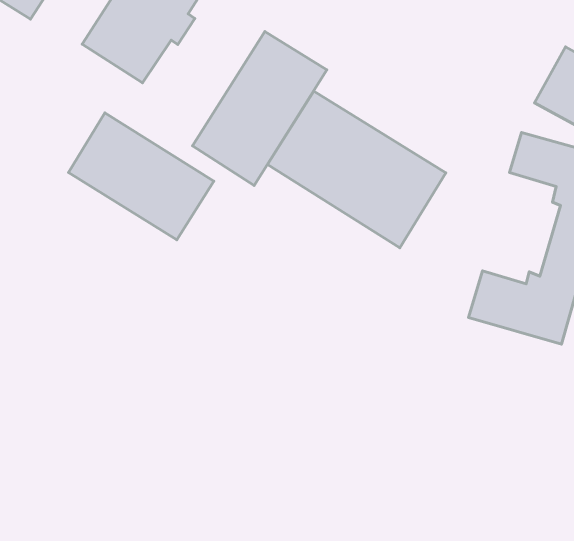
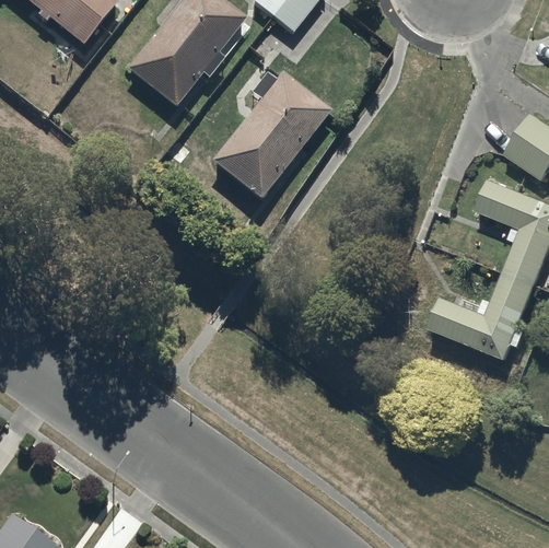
building: [267,91,446,248] -> none
building: [68,113,214,240] -> none

